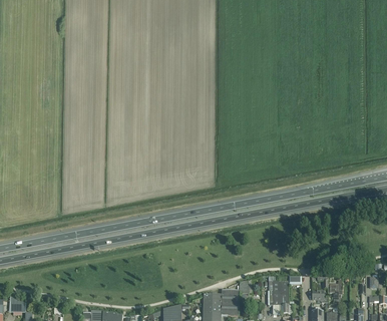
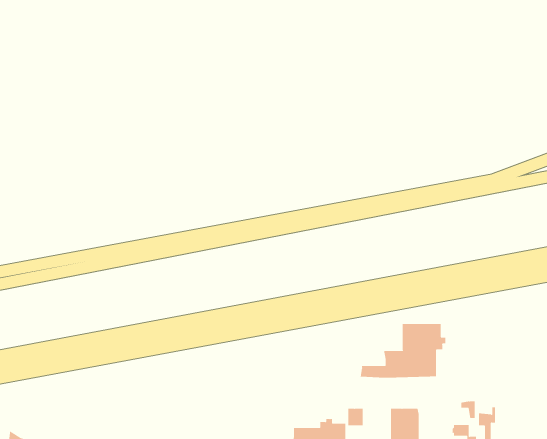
building: none -> [360,323,446,379]

